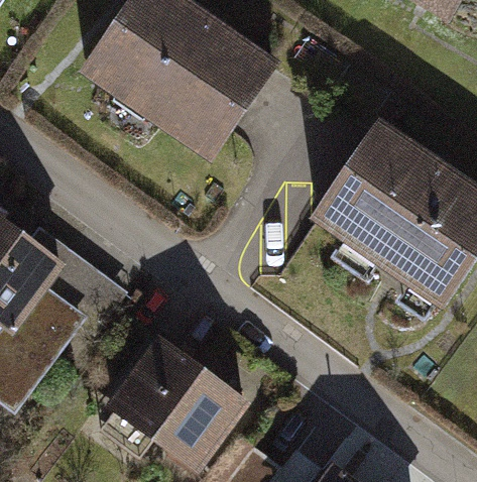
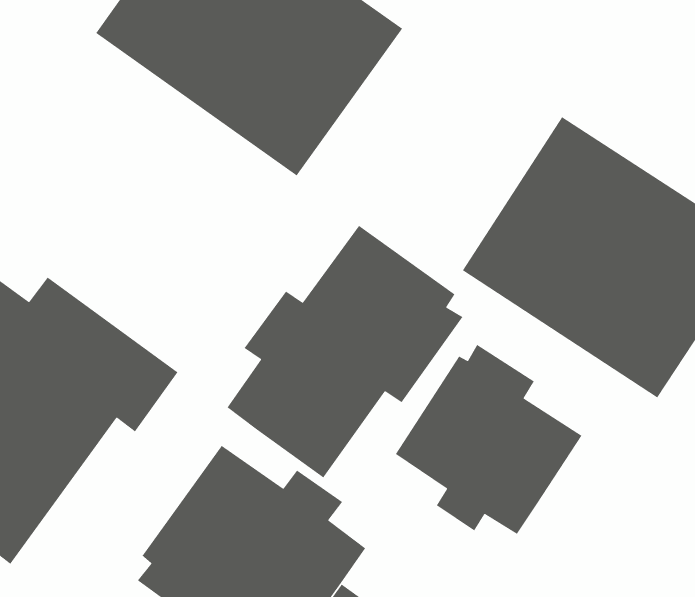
building: none -> [227,225,464,478]
building: none -> [395,344,582,535]

